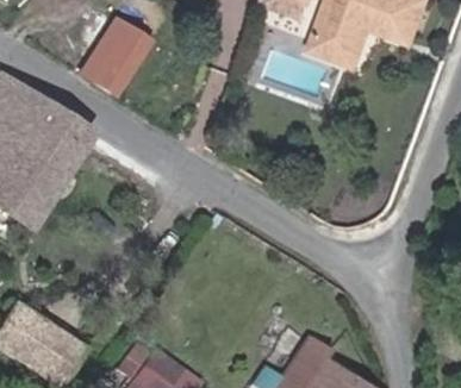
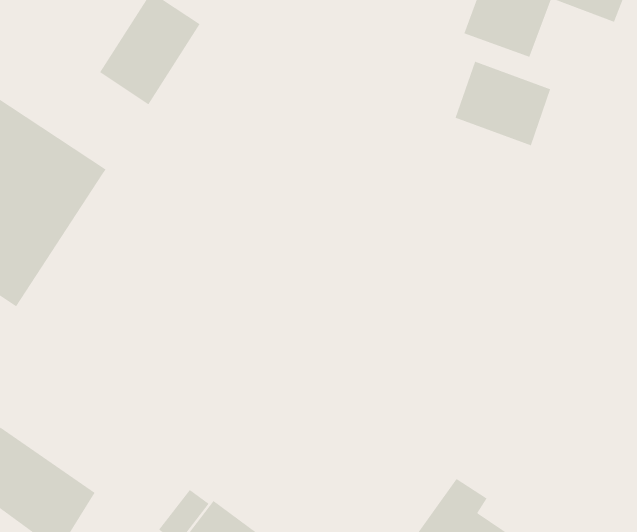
building: none -> [455,61,551,146]

